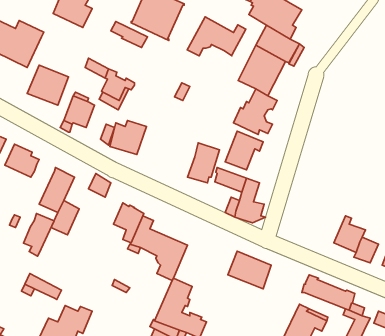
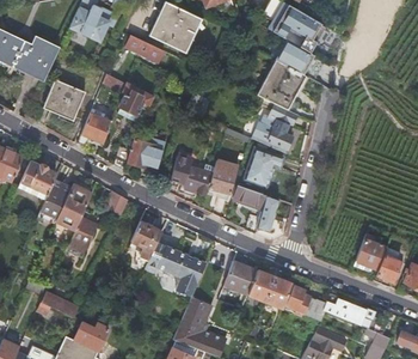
building: [187,17,246,56] -> none
building: none -> [170,153,213,194]
building: [23,214,54,256] -> [39,180,70,223]
building: none -> [221,260,256,292]
building: none -> [285,284,324,320]

